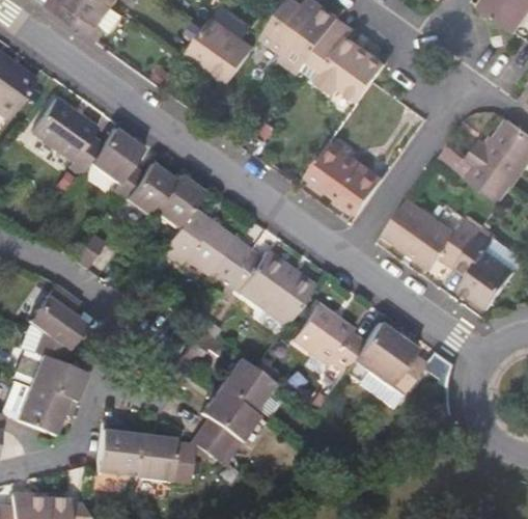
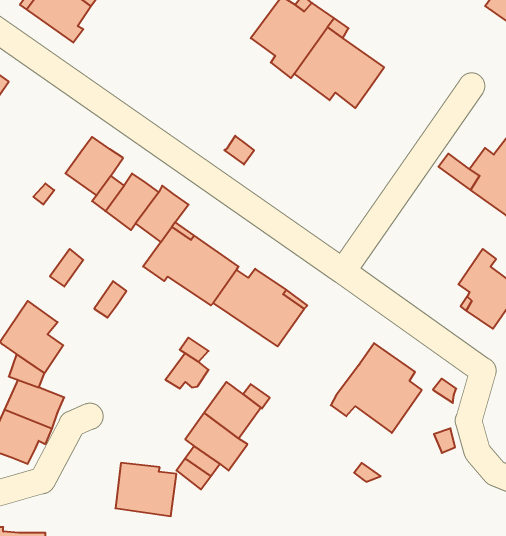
building: [187,18,255,84] -> none
building: [33,99,103,174] -> none
building: [307,140,385,214] -> none
building: [385,199,480,268] -> none
building: [293,304,364,371] -> none
building: [96,421,141,476] -> none

